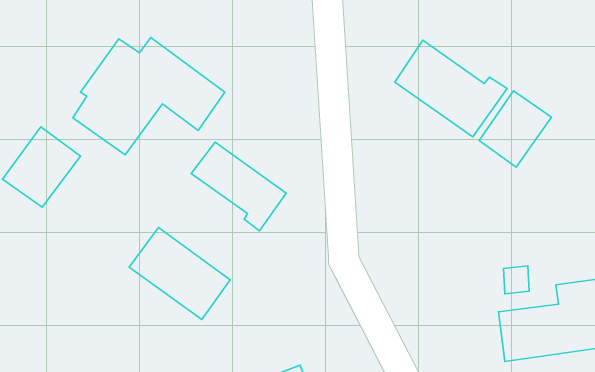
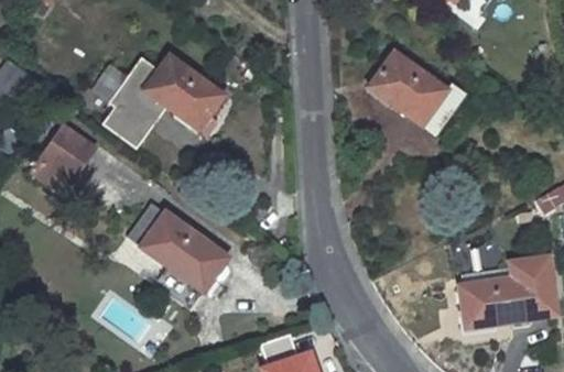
building: [479,91,552,167] -> none
building: [191,142,286,231] -> none

